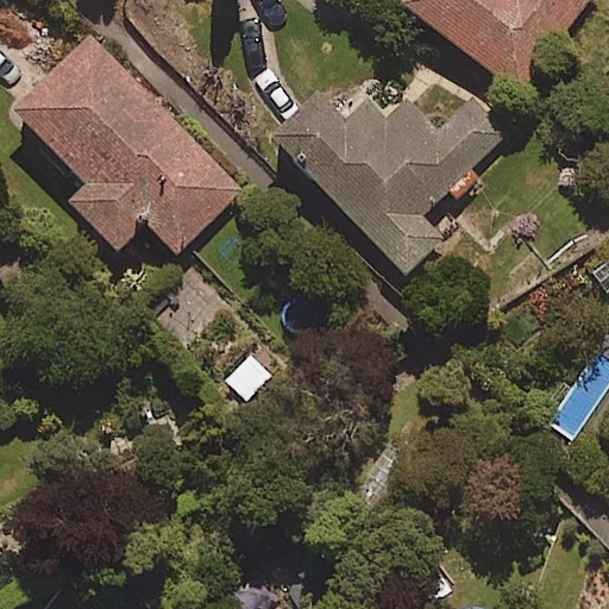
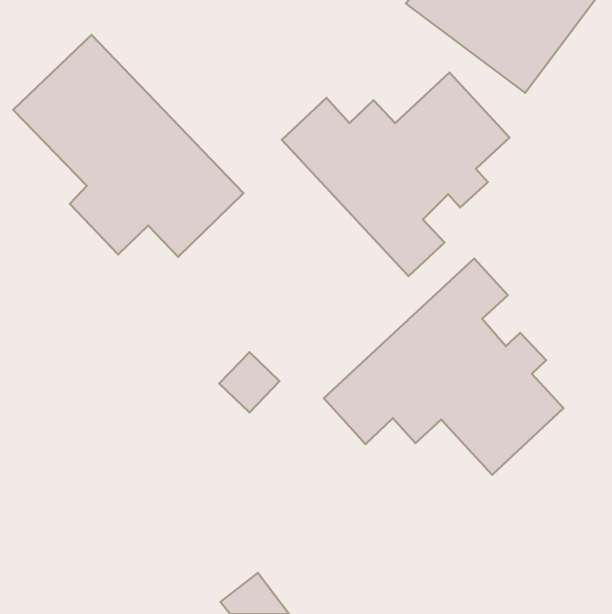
building: none -> [324,259,564,475]

